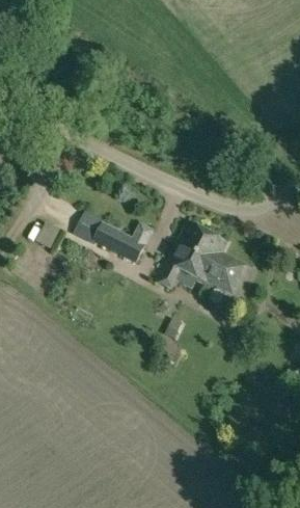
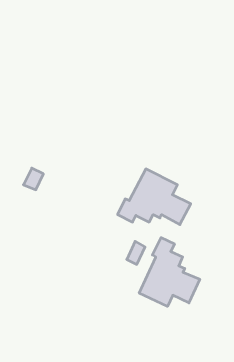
building: [74,210,146,264] -> none
building: none -> [139,238,200,306]

